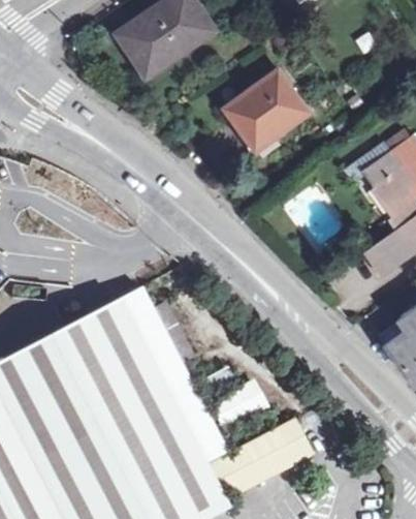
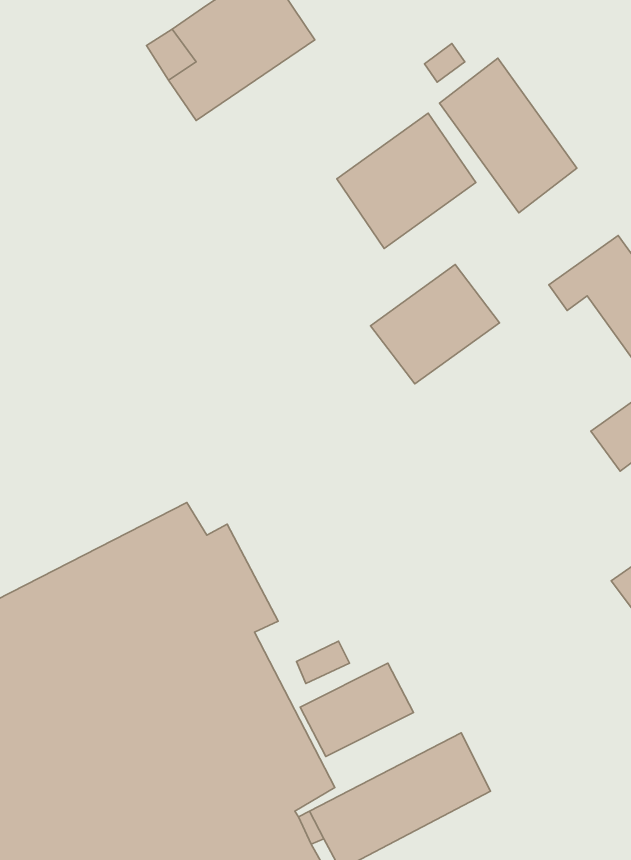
building: none -> [440,58,577,213]
building: none -> [370,265,500,384]

